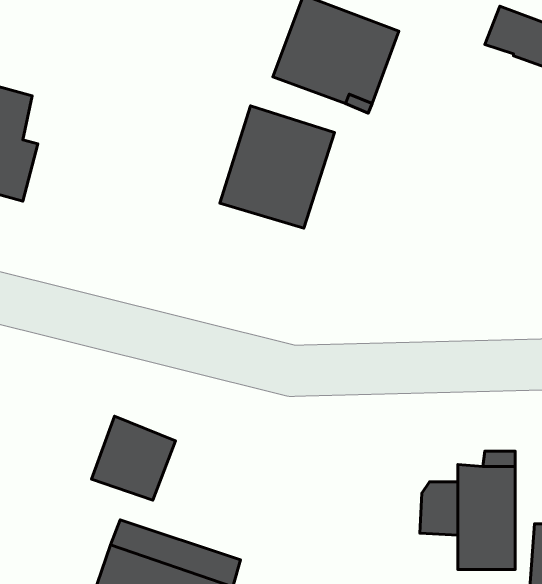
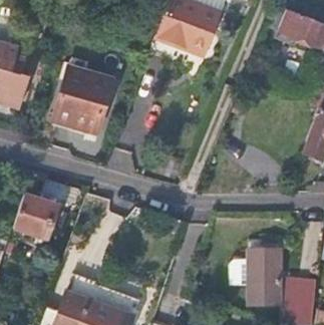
building: [220,106,334,228] -> [52,69,112,133]
building: [92,416,176,500] -> [15,195,59,239]

